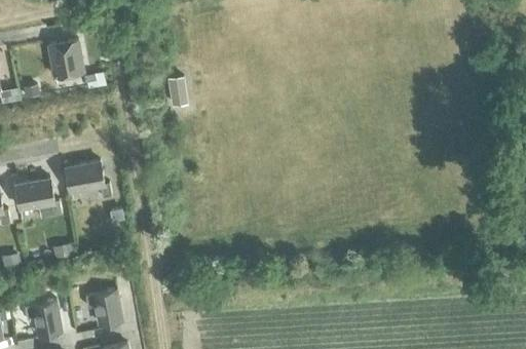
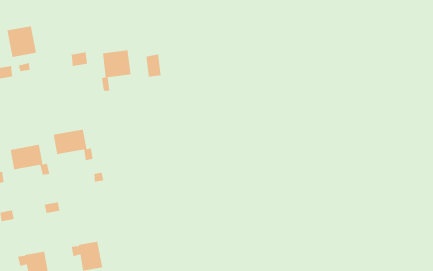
building: [48,41,83,78] -> [6,25,37,58]
building: none -> [101,49,131,92]

